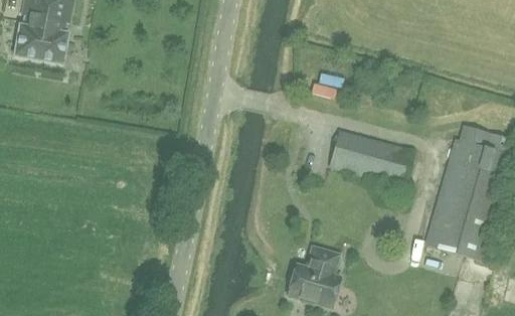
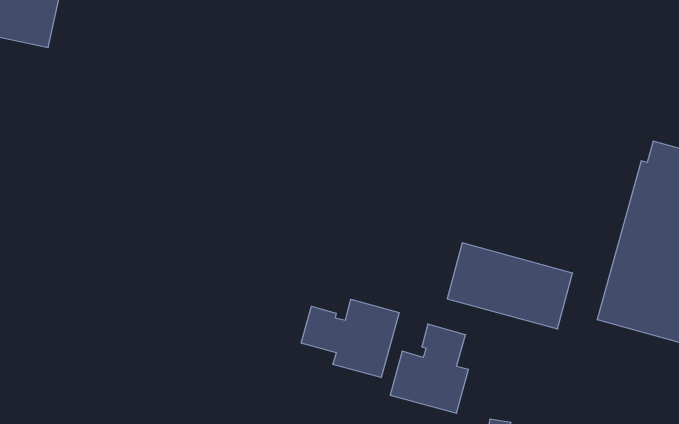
building: [329,129,412,186] -> [447,243,573,329]
building: none -> [301,299,399,378]

